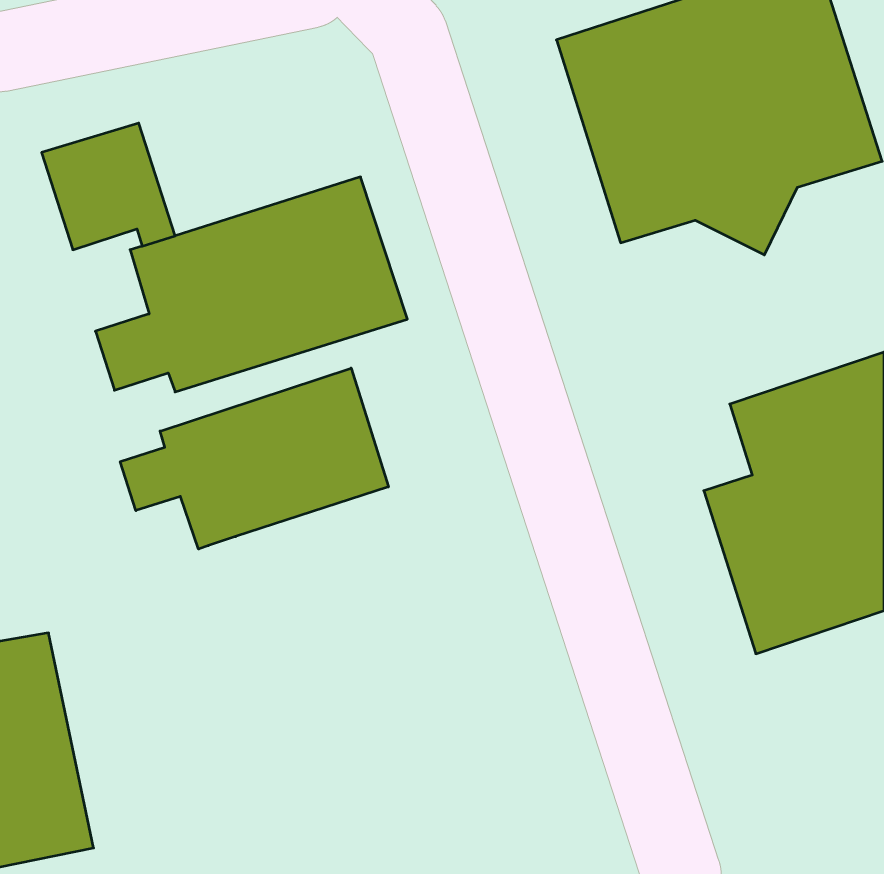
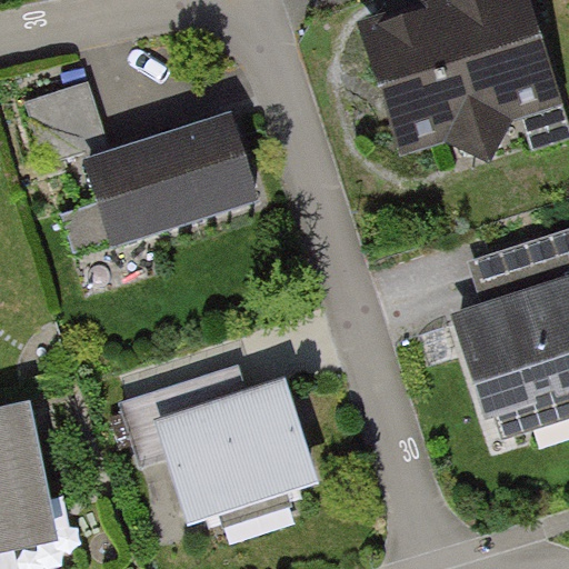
building: [120,368,388,549] -> none
building: none -> [119,362,322,527]

